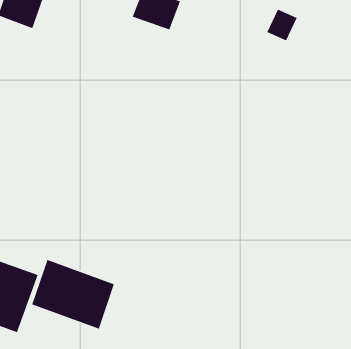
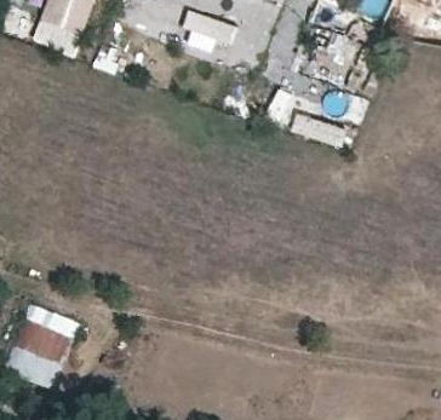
building: [32,259,115,330] -> none

